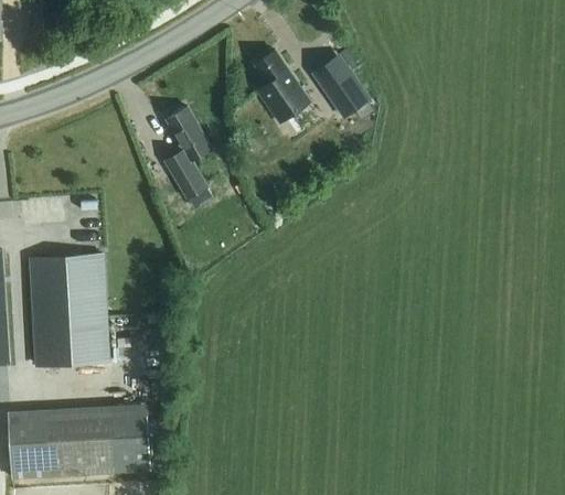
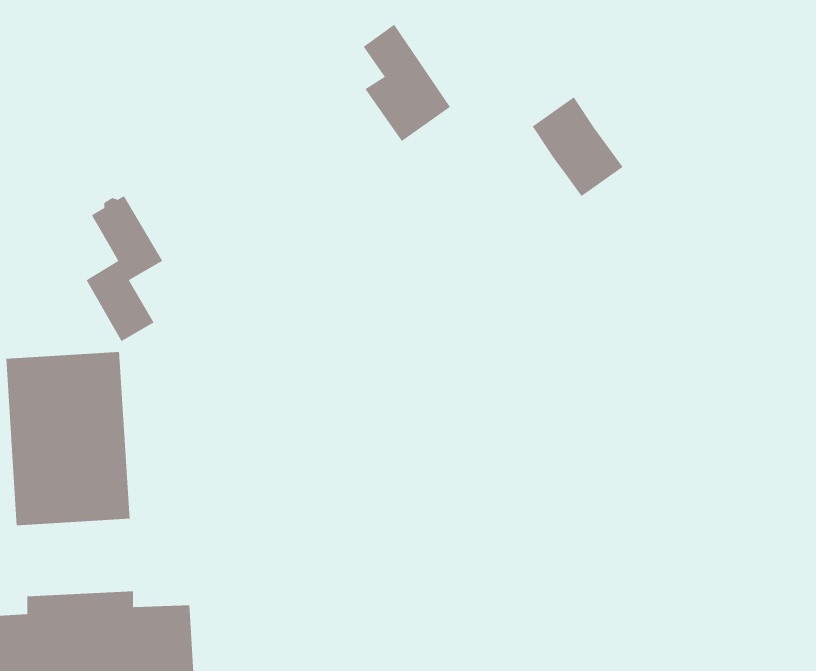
building: [313,55,371,118] -> [532,97,623,197]
building: [163,108,212,200] -> [86,196,163,342]

